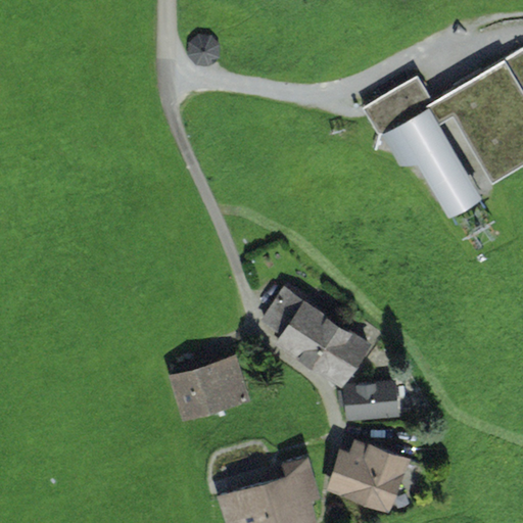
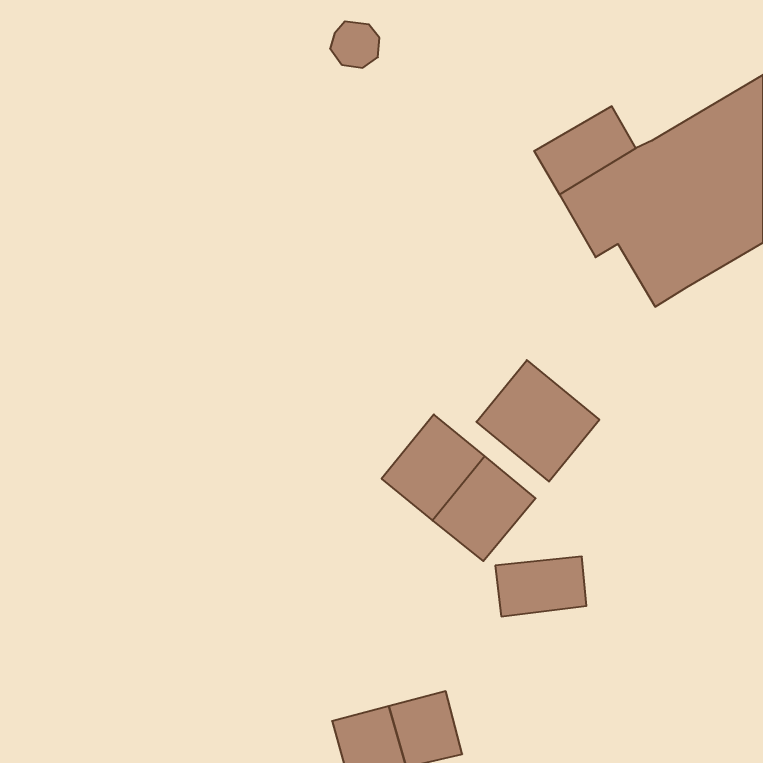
building: [186,34,220,65] -> [330,21,379,68]
building: none -> [476,360,599,482]
building: [171,354,253,421] -> none
building: [335,438,416,513] -> none

